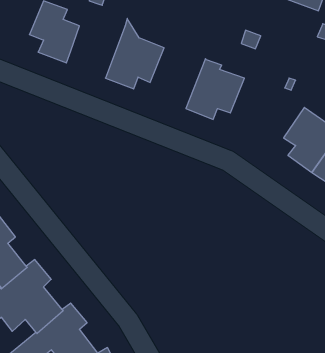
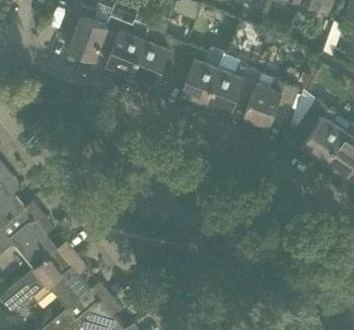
building: none -> [98,15,149,73]
building: none -> [172,45,225,101]
building: none -> [243,73,298,126]

